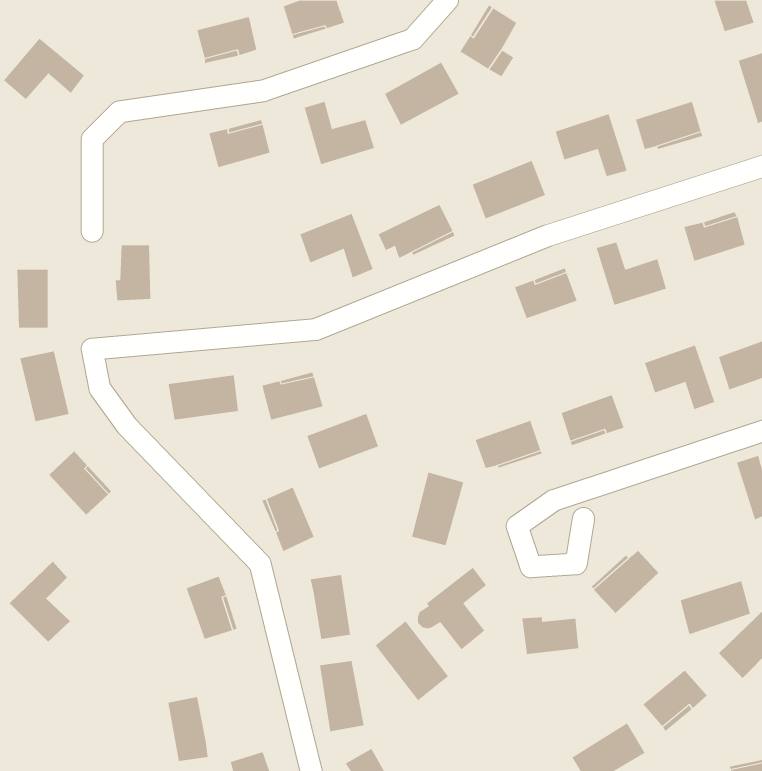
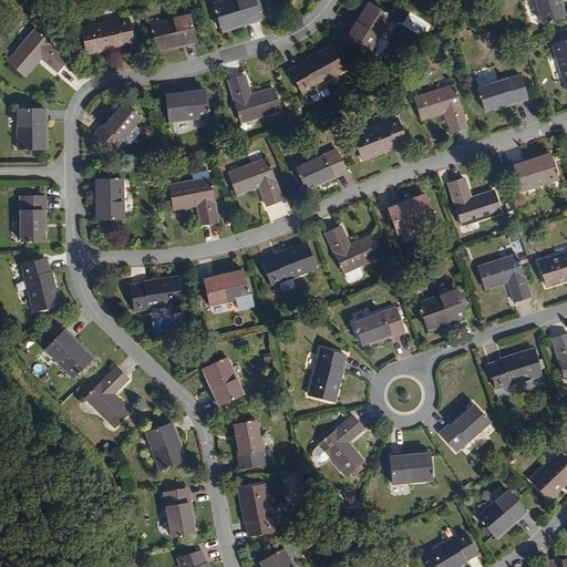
building: none -> [83,16,136,51]
building: none -> [90,104,136,154]
building: none -> [18,109,47,148]
building: none -> [167,177,216,224]
building: none -> [327,226,383,274]
building: [306,413,379,469] -> [265,241,318,282]
building: [9,561,71,642] -> [87,368,133,427]
building: [680,580,751,635] -> [484,351,536,391]
building: [375,620,449,701] -> none
building: [168,697,208,762] -> [165,488,195,536]

